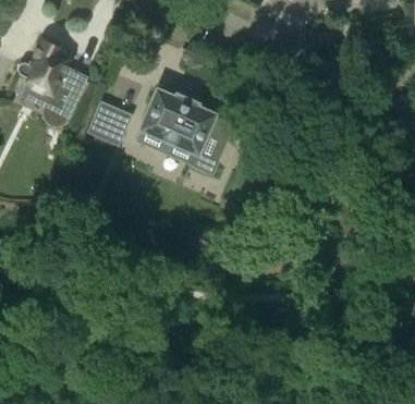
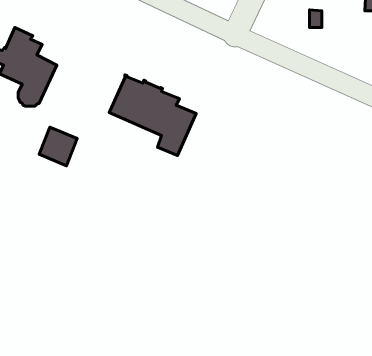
building: [89,105,129,145] -> [39,127,77,166]

